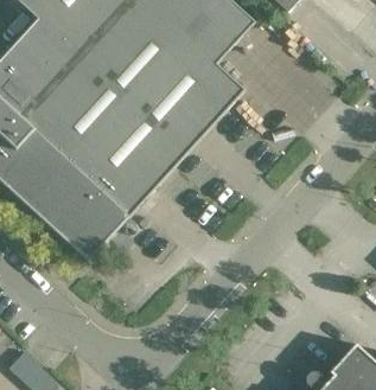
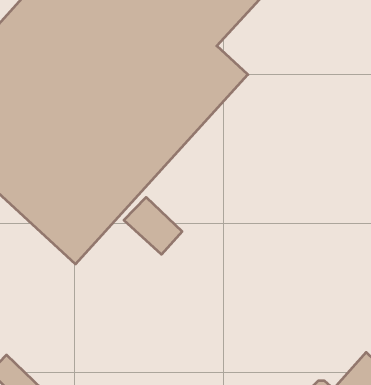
building: none -> [124,197,182,254]

